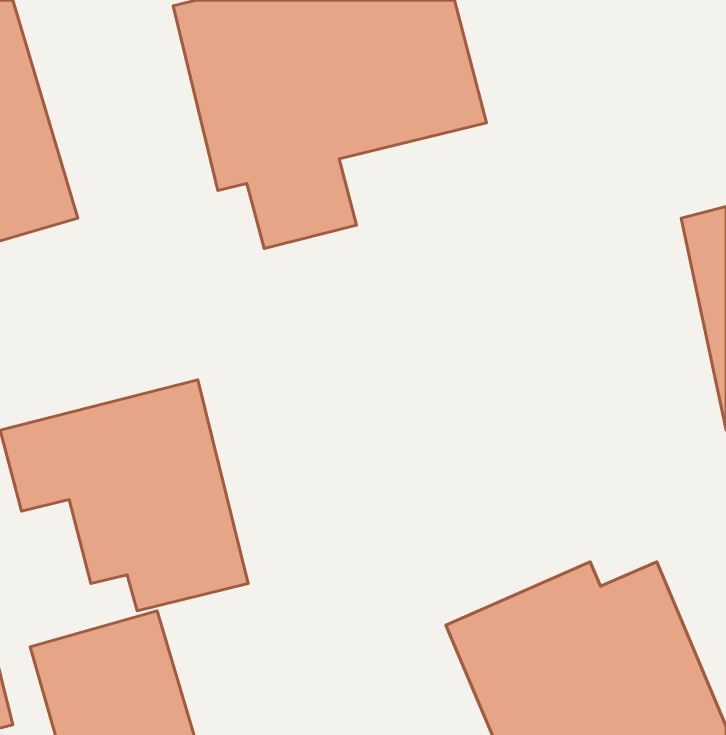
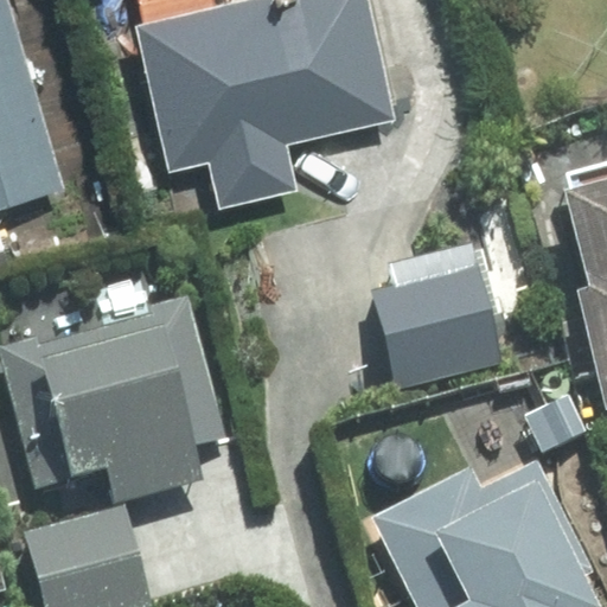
building: none -> [368,248,512,413]

